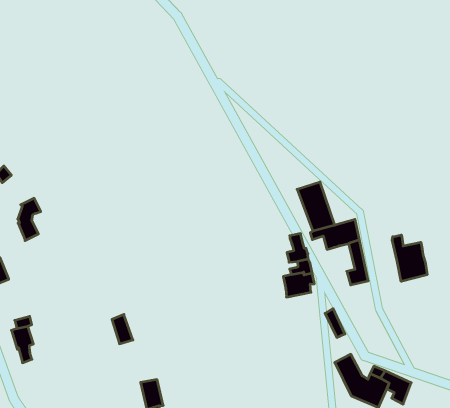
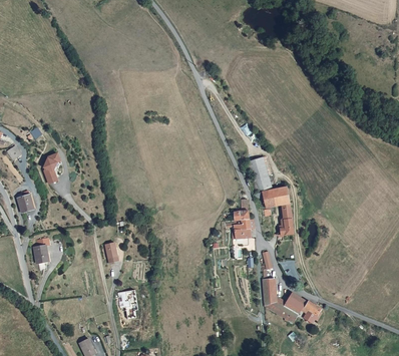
building: [392,235,427,281] -> none

